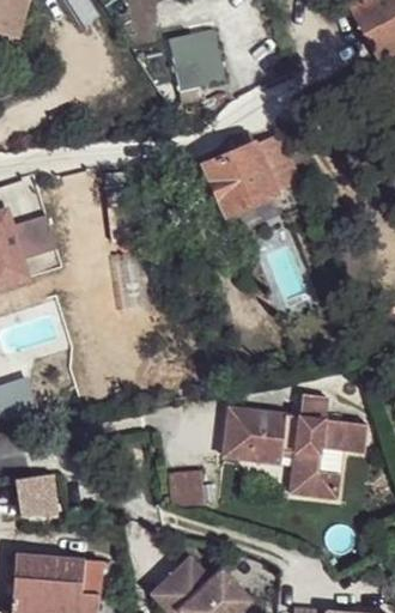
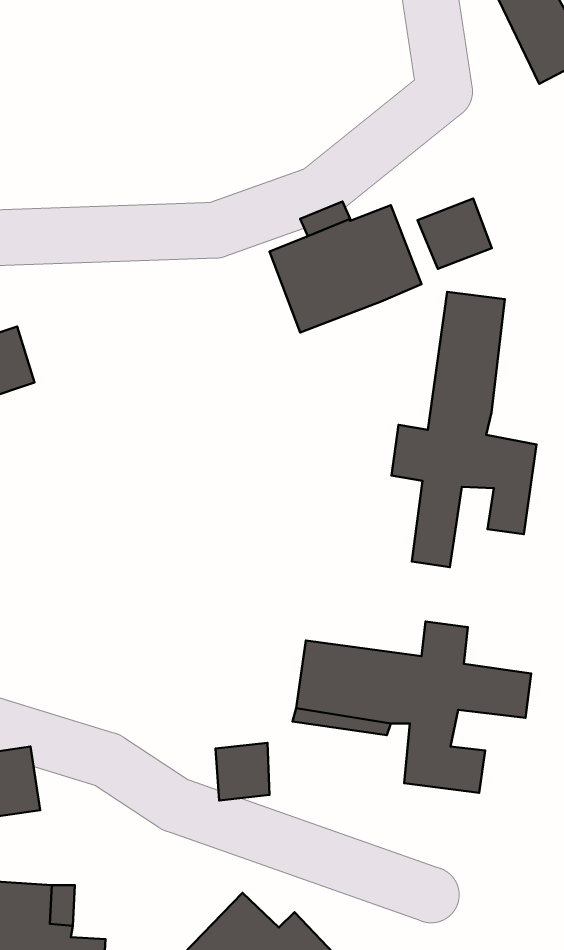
building: [186,38,229,89] -> none
building: none -> [418,199,492,269]
building: none -> [392,292,537,567]

